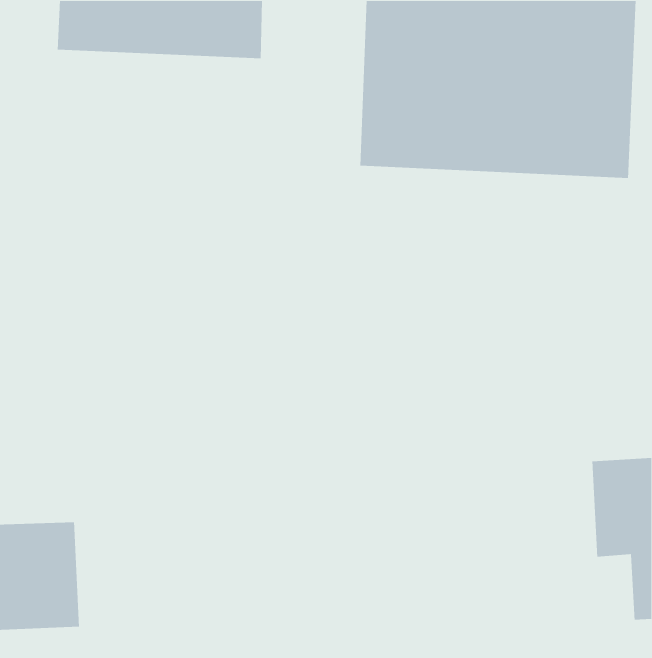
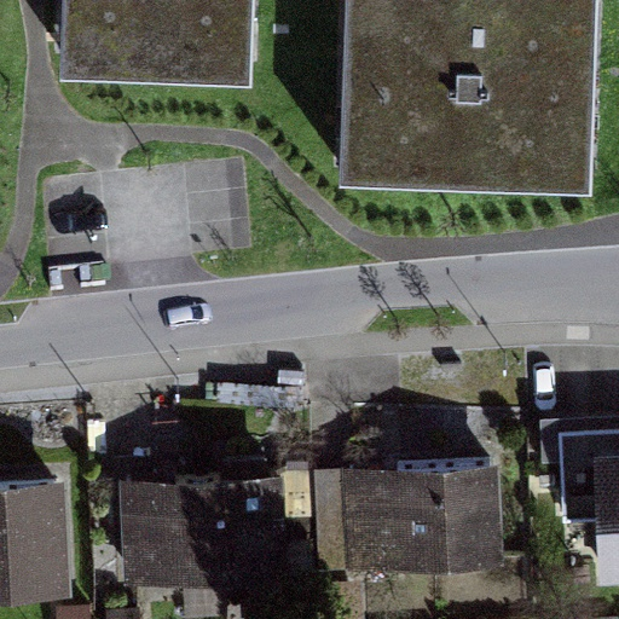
building: none -> [343,472,514,578]
building: none -> [122,481,293,588]

